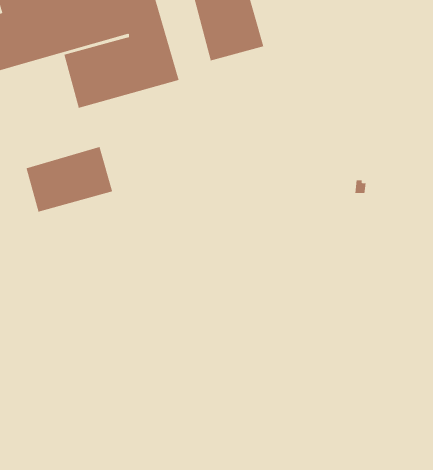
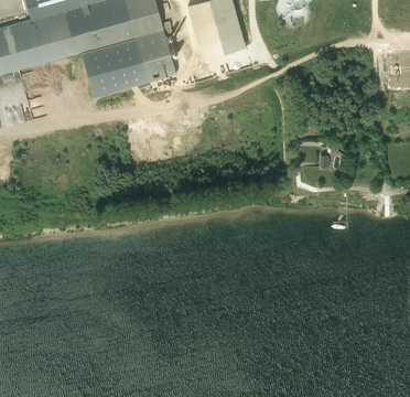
building: [26,146,113,212] -> none

